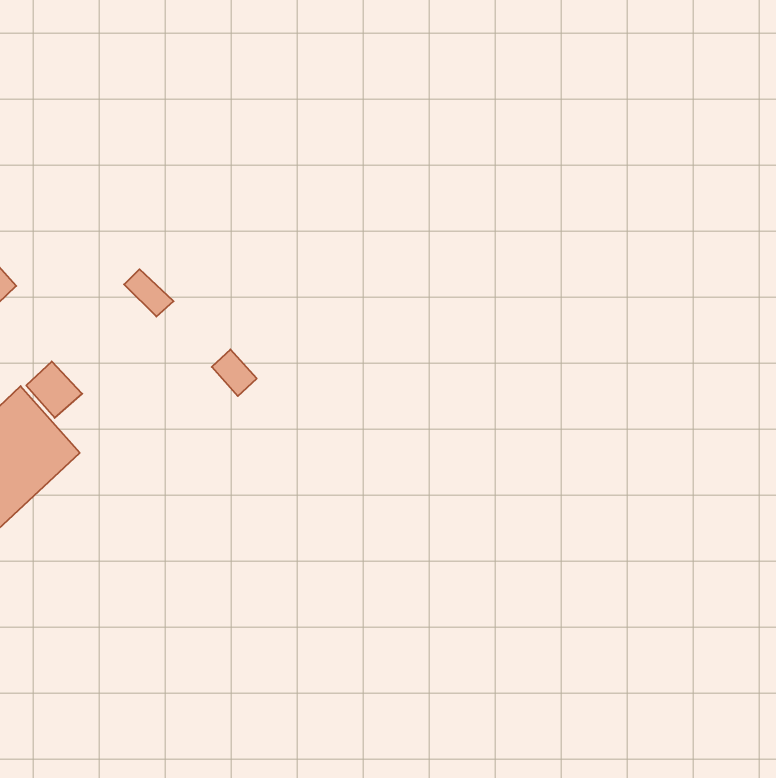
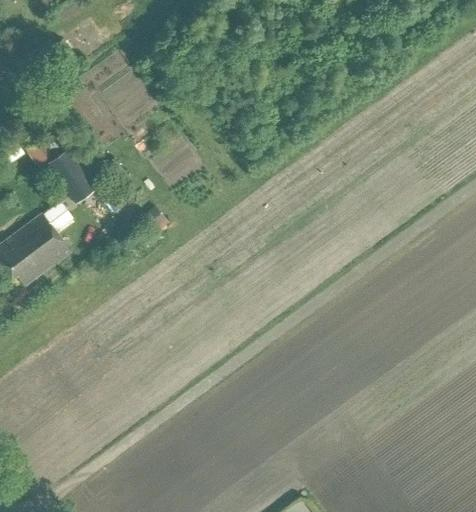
building: none -> [45,150,95,205]

